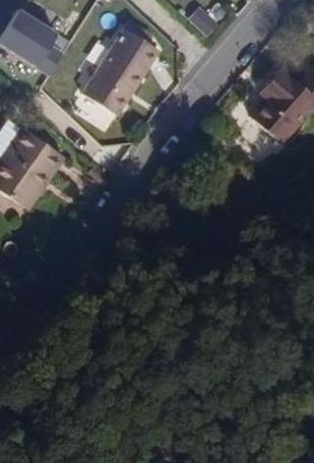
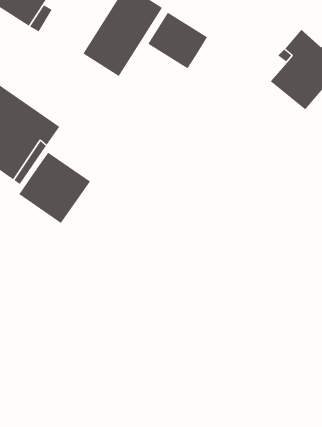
building: none -> [148,12,208,69]
building: none -> [18,152,91,224]

